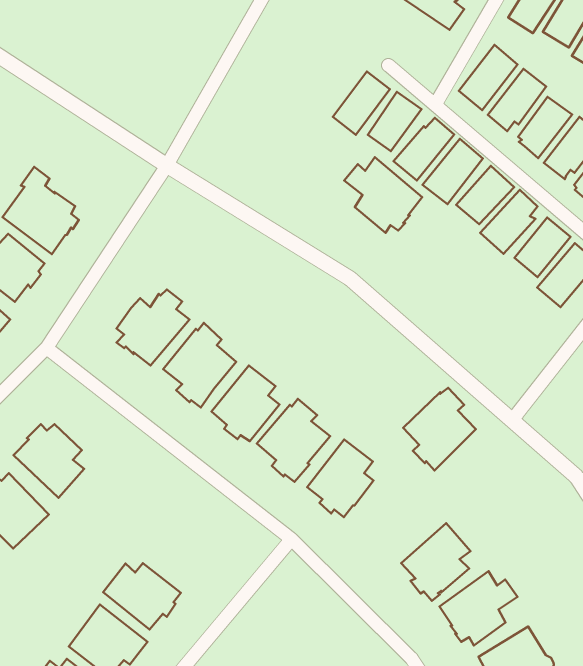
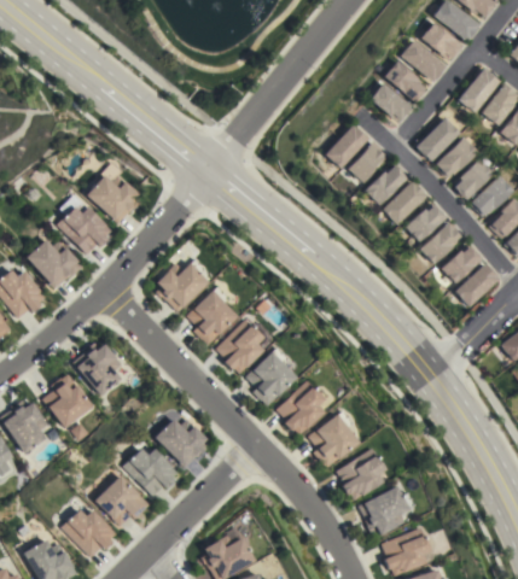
building: none -> [371,83,412,121]
building: [344,157,422,233] -> none
building: [403,388,476,470] -> [307,411,357,468]
building: none -> [153,419,206,468]

